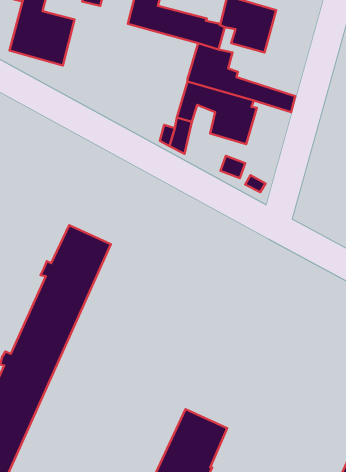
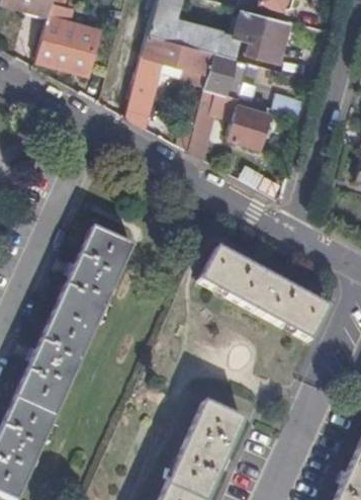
building: none -> [126,35,215,128]
building: none -> [198,248,328,341]

